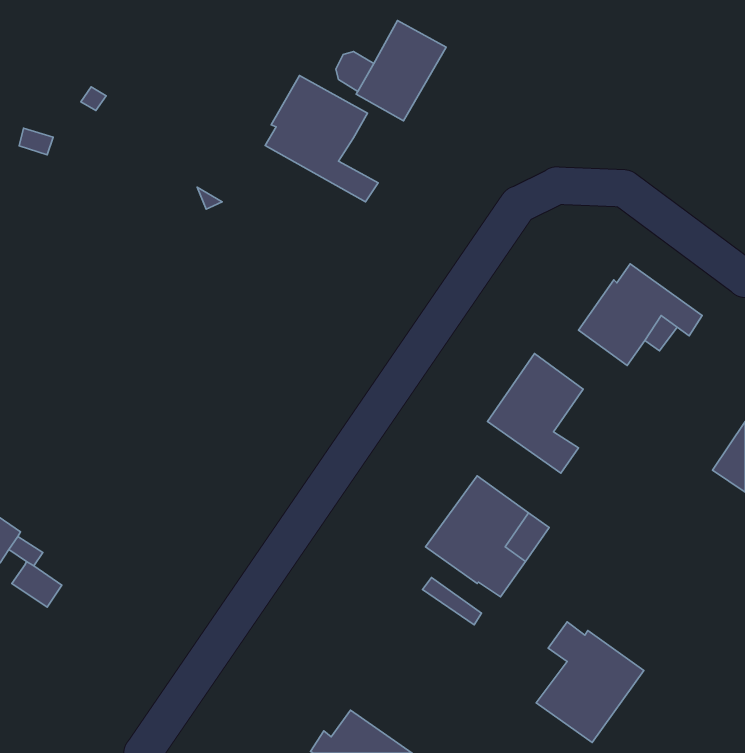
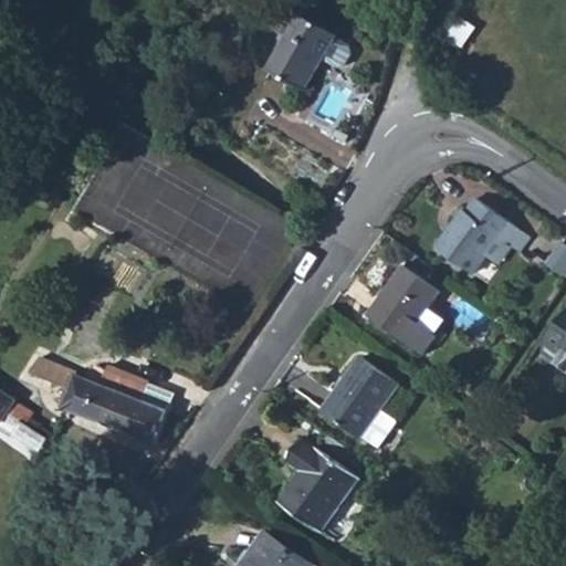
building: [265,75,378,202] -> none
building: none -> [29,357,171,446]
building: [536,622,644,743] -> [275,441,356,532]

